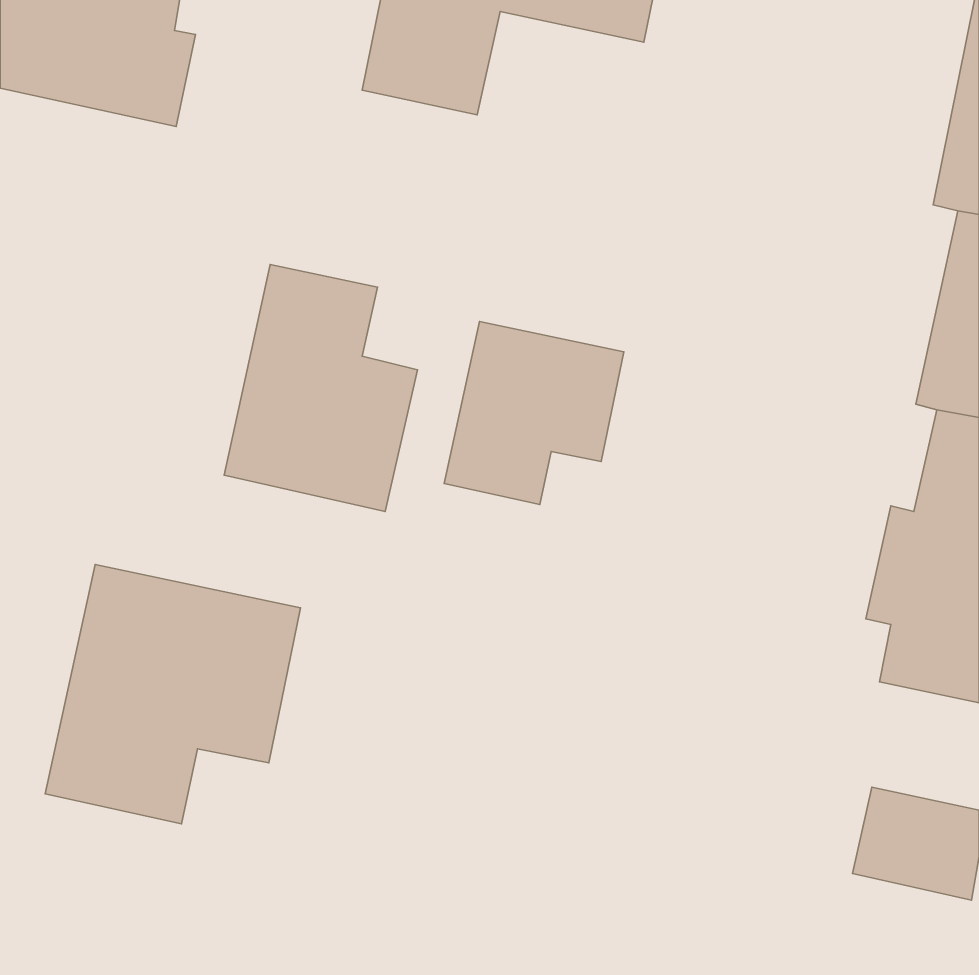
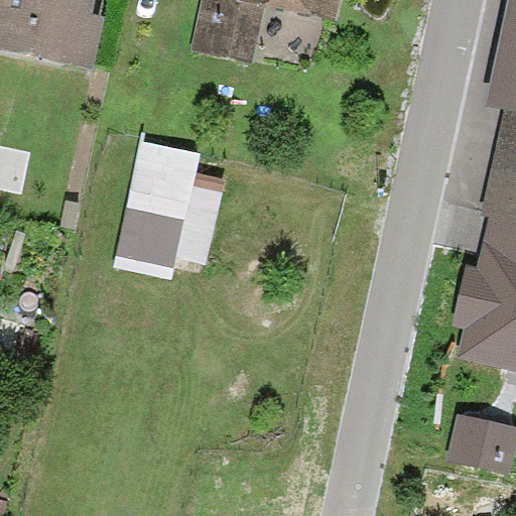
building: [444,321,624,505] -> none
building: [45,564,300,824] -> none

